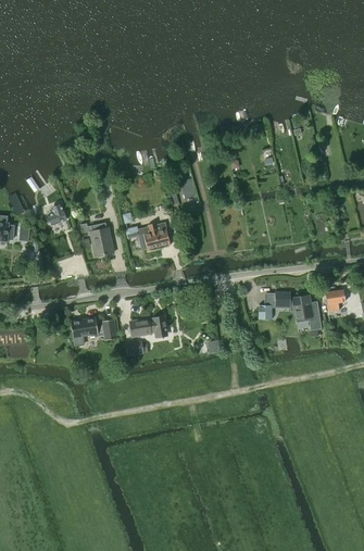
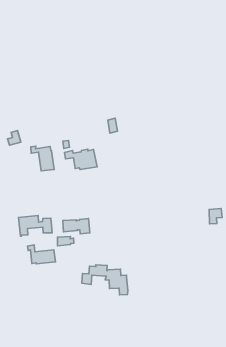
building: [259,292,322,330] -> [82,265,128,295]
building: none -> [28,245,55,264]

